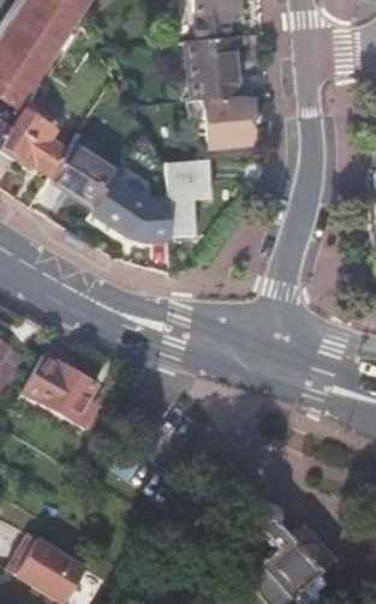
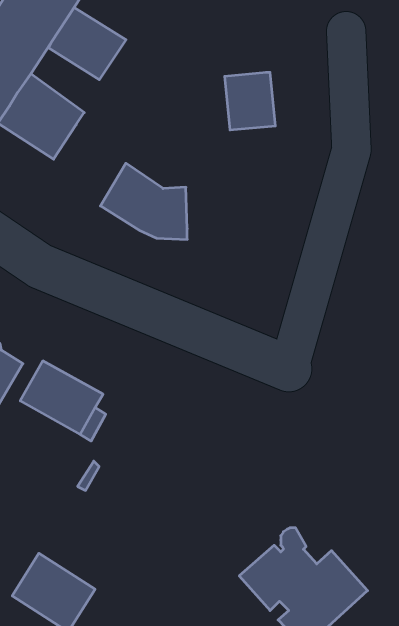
building: [189,36,243,100] -> none
building: [49,142,119,207] -> [49,8,126,80]
building: [169,159,213,235] -> none

